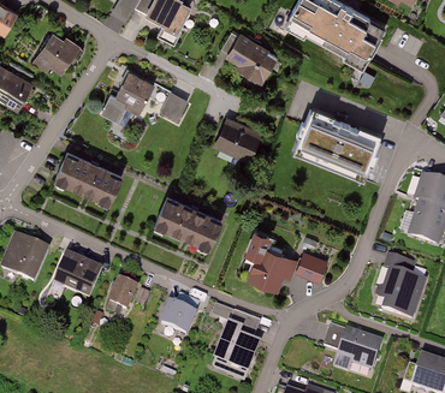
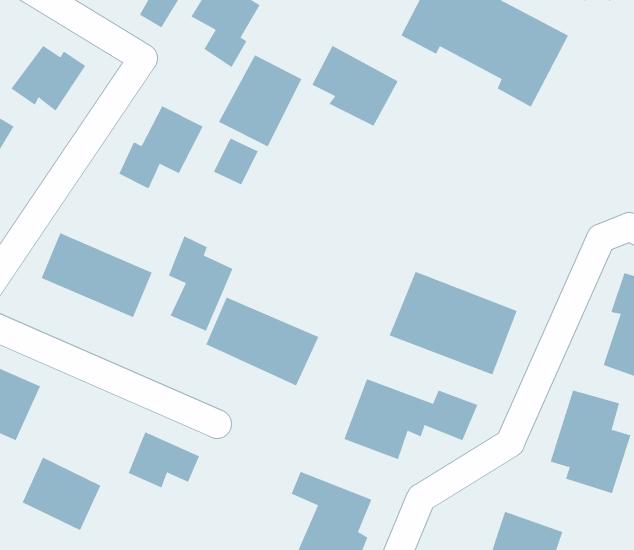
building: none -> [218,54,302,147]
building: [299,108,381,174] -> [389,271,517,375]
building: [212,117,263,163] -> none
building: none -> [168,235,233,332]
building: [51,254,101,300] -> [22,457,101,531]
building: [159,294,202,337] -> none

